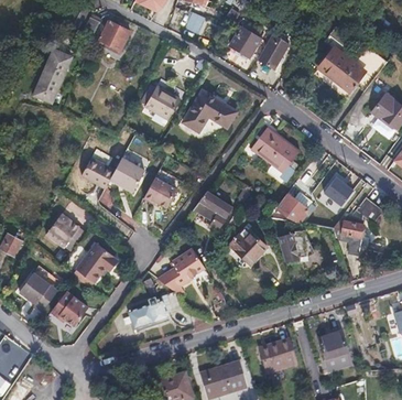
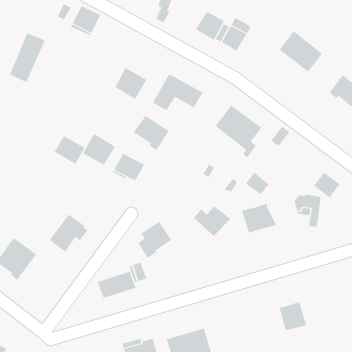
building: [323,175,352,204] -> none
building: [194,190,232,227] -> [133,115,169,151]
building: [46,210,79,244] -> none
building: [50,290,85,322] -> none
building: [258,338,295,371] -> none

